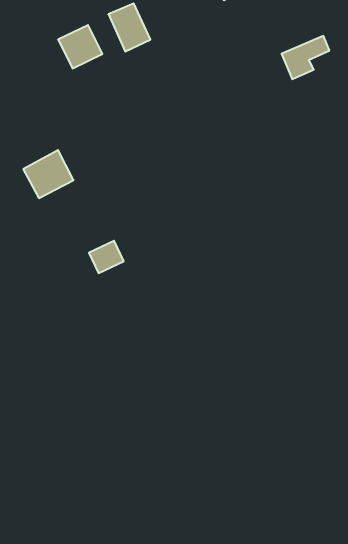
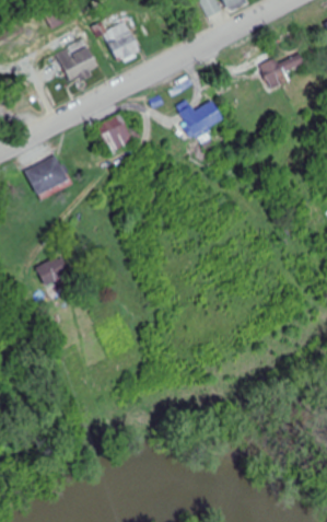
building: none -> [180,102,221,134]
building: none -> [96,115,140,154]
building: [89,241,124,273] -> [35,257,67,287]

